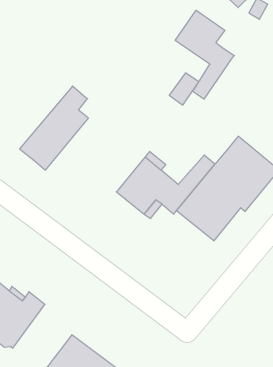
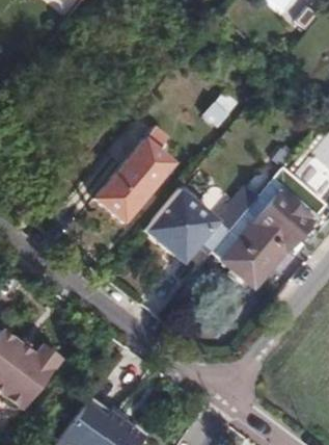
building: [175,10,234,99] -> none
building: [20,86,88,170] -> [91,125,171,222]

